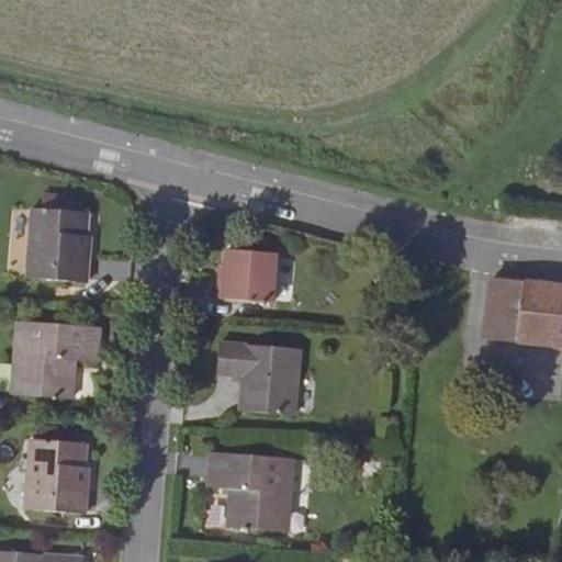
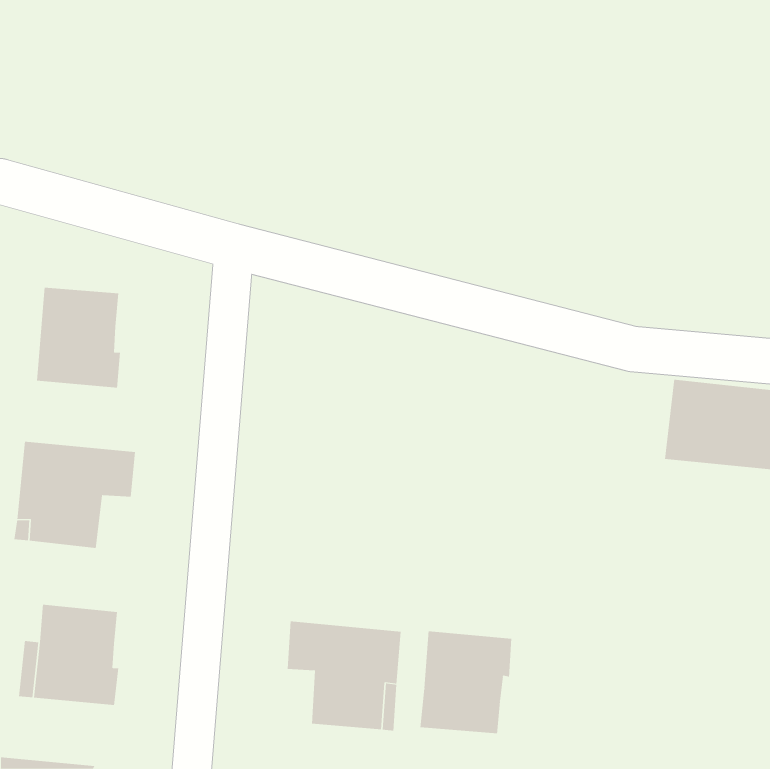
building: [218,250,276,303] -> none
building: [218,344,300,414] -> none
building: none -> [420,630,512,734]

